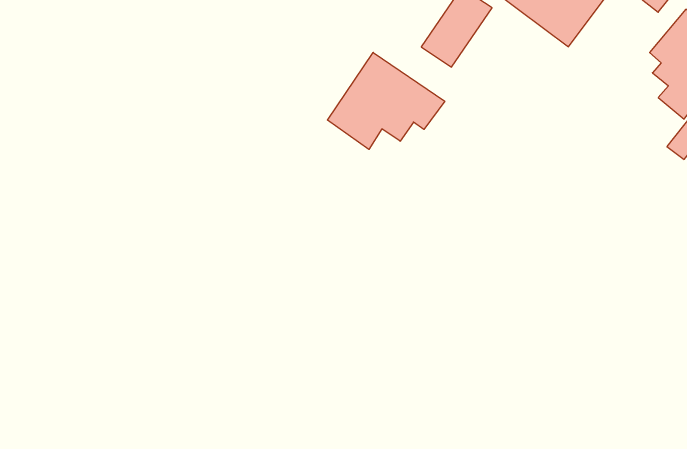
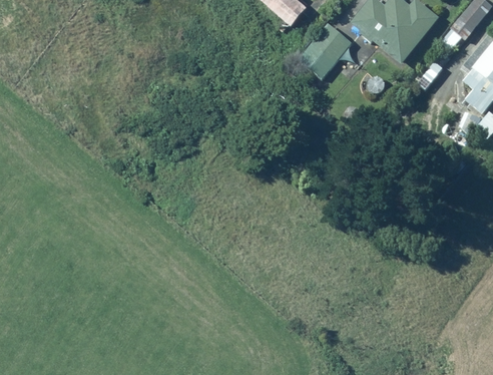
building: [327,52,445,149] -> none

